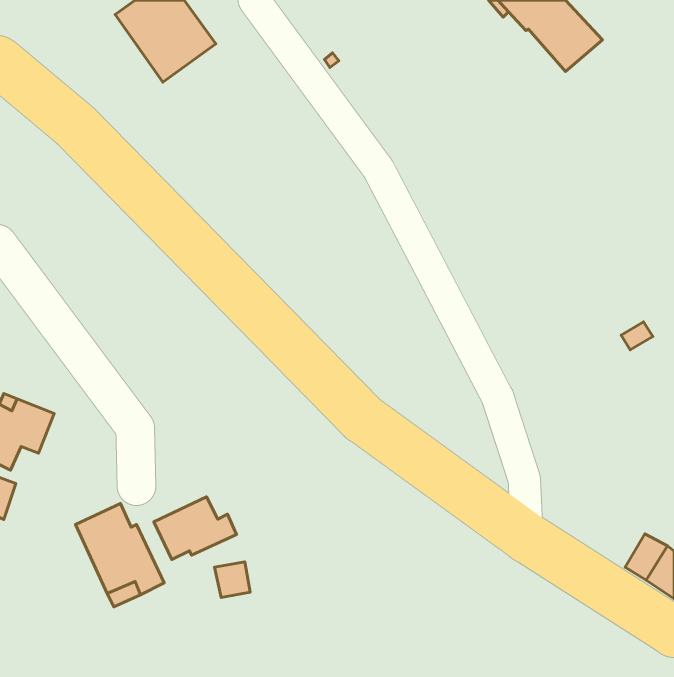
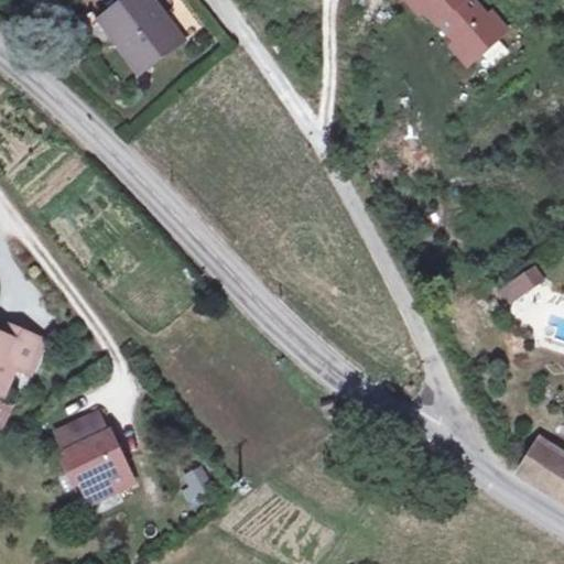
building: [154,497,237,560] -> none

